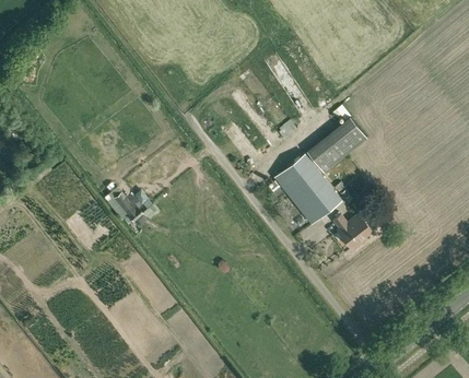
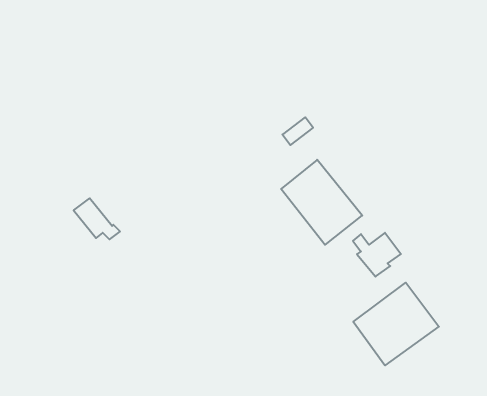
building: [306,116,367,172] -> none
building: none -> [353,283,439,365]

